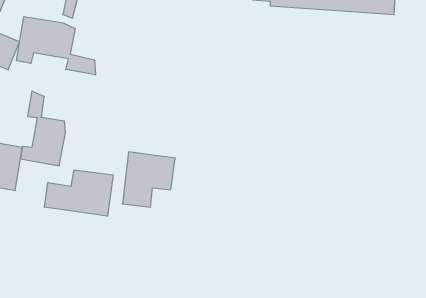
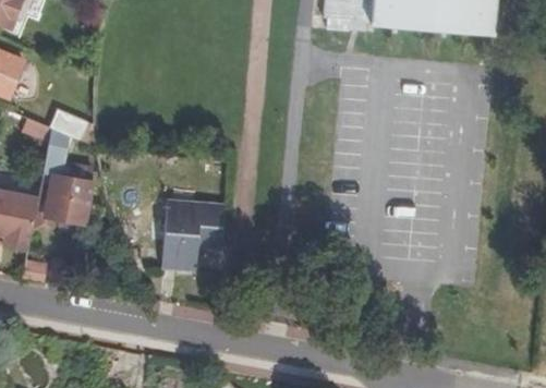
building: [16,16,95,75] -> none
building: [44,170,113,216] -> none

